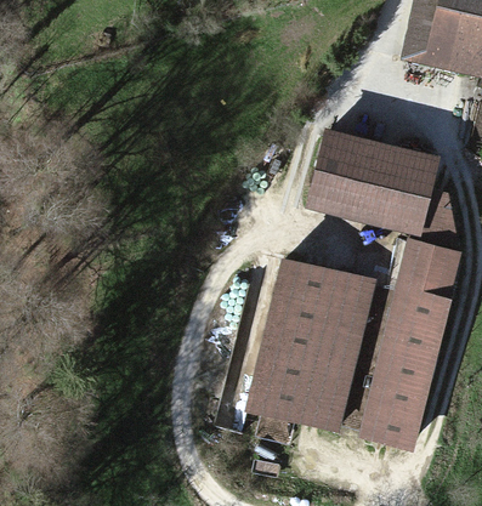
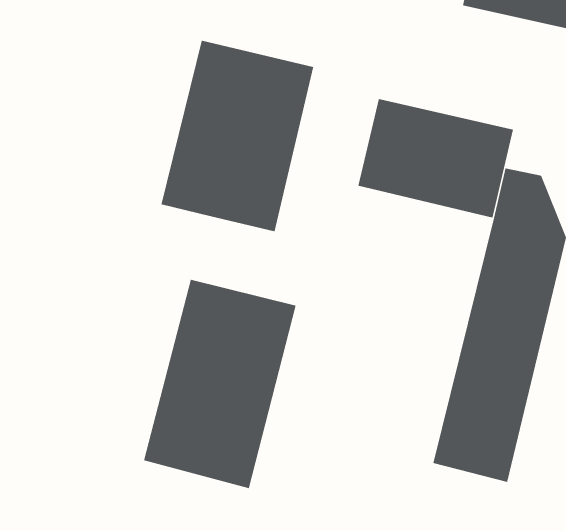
building: none -> [161,40,314,232]
building: [250,257,376,430] -> [143,279,297,489]

